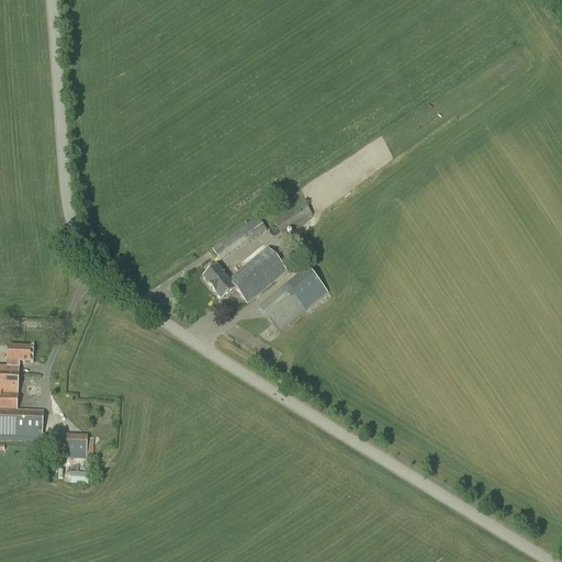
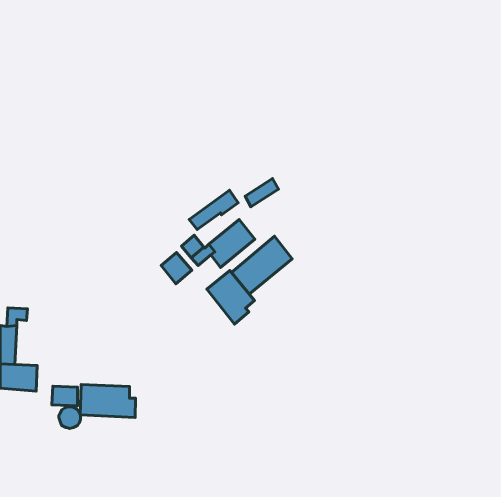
building: none -> [161,252,192,284]
building: none -> [207,270,254,324]
building: none -> [80,385,136,418]

